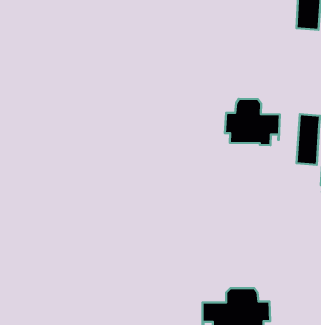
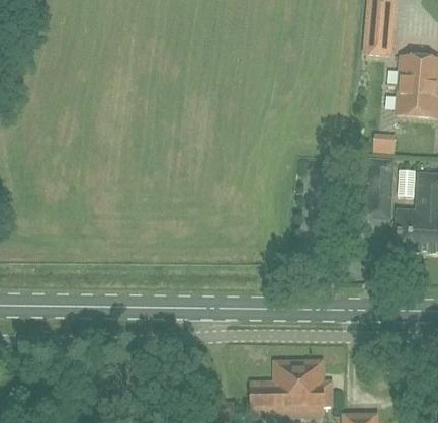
building: [225,99,280,145] -> none

